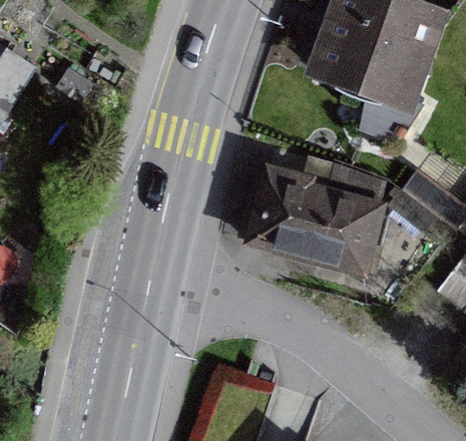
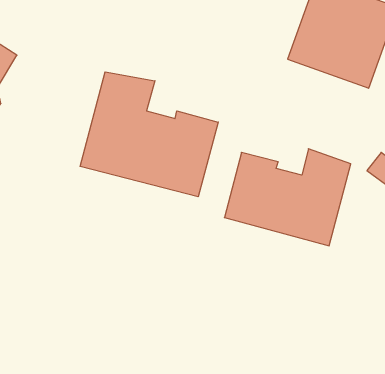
building: none -> [80,72,218,197]

